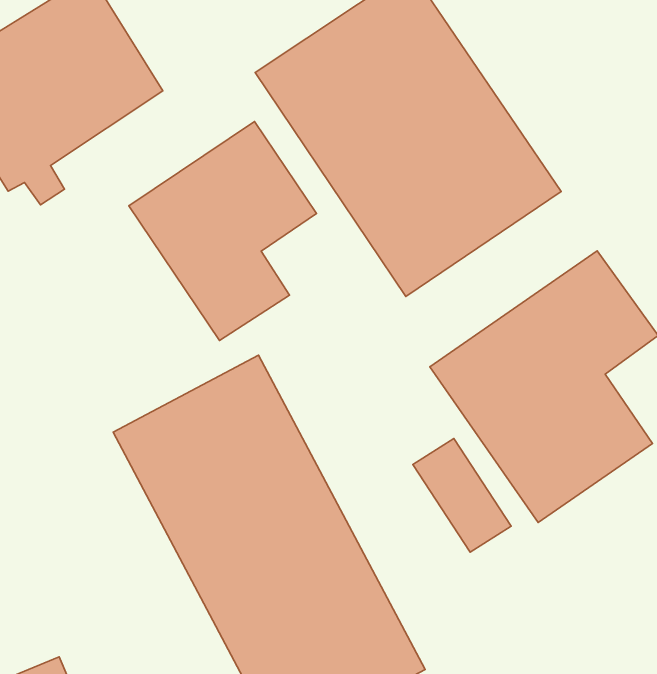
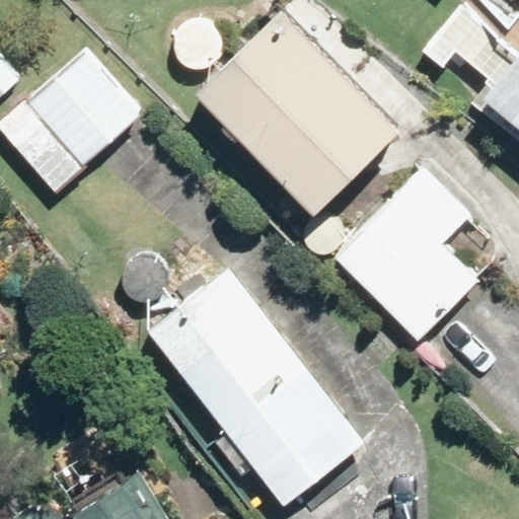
building: [129,122,316,341] -> none

